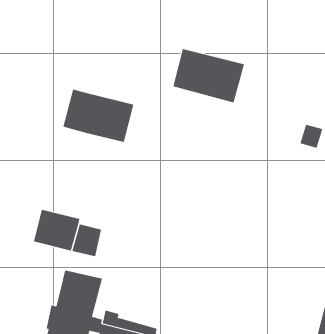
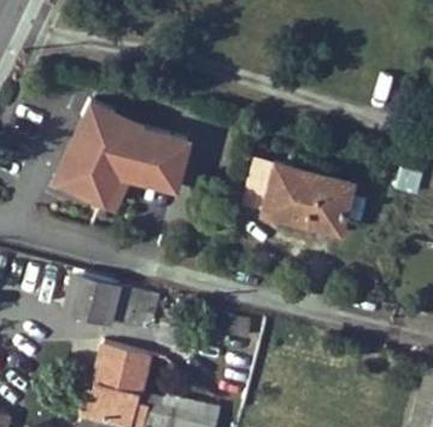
building: [172,48,245,103] -> [264,165,353,233]
building: none -> [54,101,141,207]

